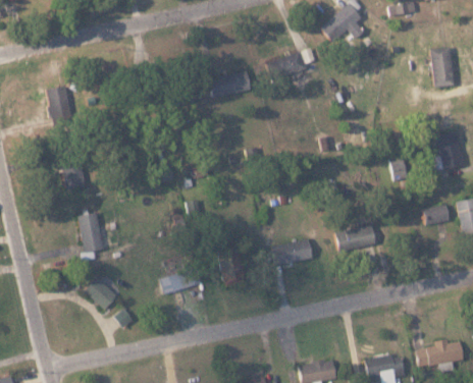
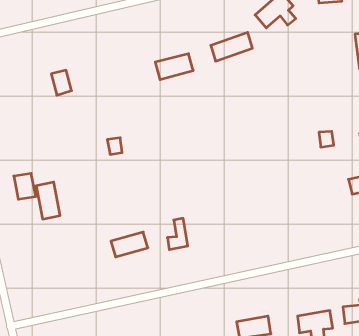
building: [47,86,69,113] -> [51,70,72,95]
building: [61,162,86,190] -> [14,173,36,199]
building: [334,224,376,252] -> none
building: [272,239,312,265] -> none
building: [84,277,117,310] -> none

